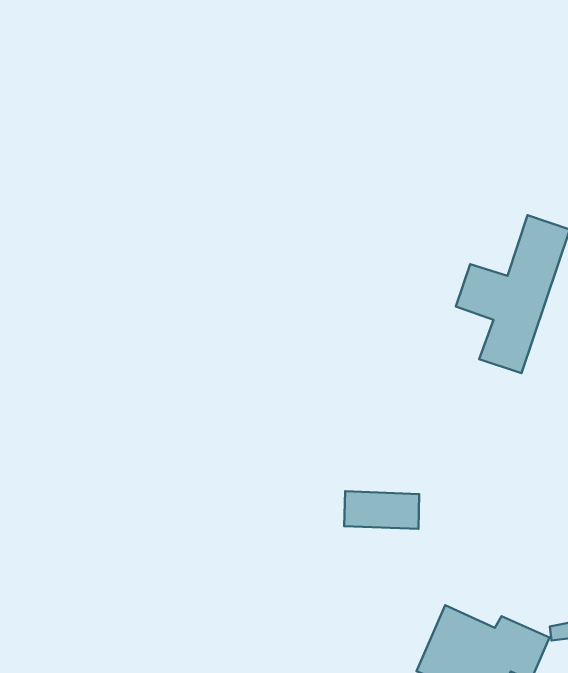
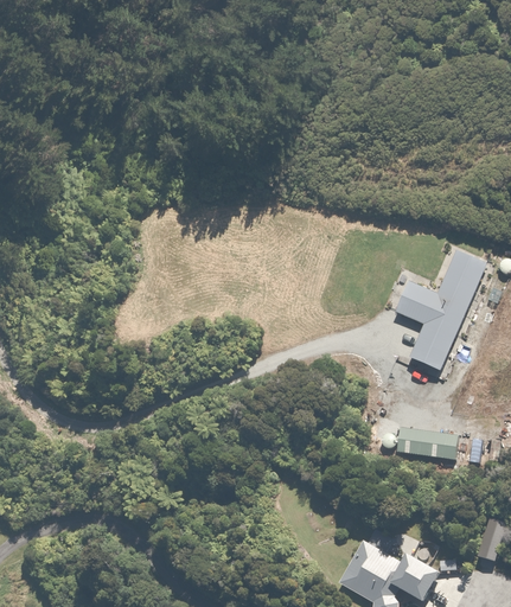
building: [344,491,419,529] -> [397,426,456,460]

